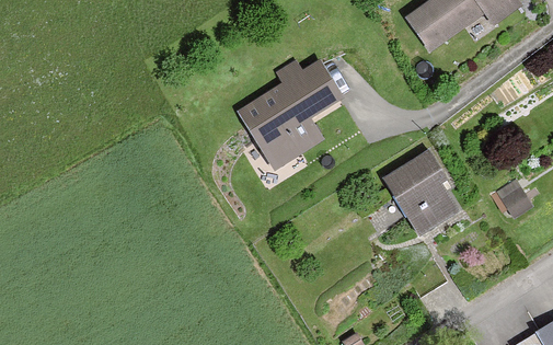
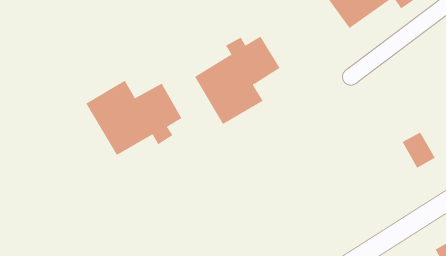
building: none -> [86,80,182,156]
building: [382,152,464,241] -> none

